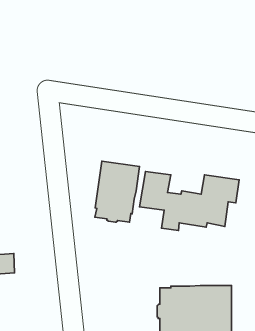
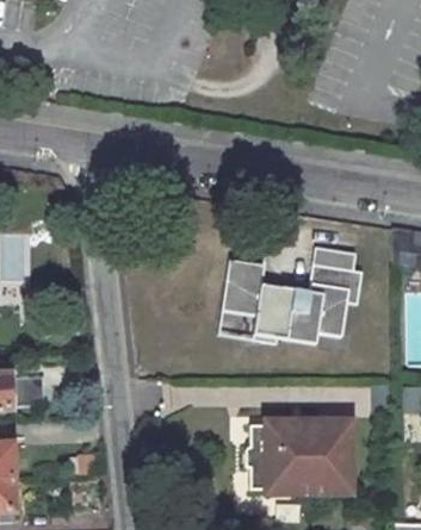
building: [95,161,140,222] -> none

